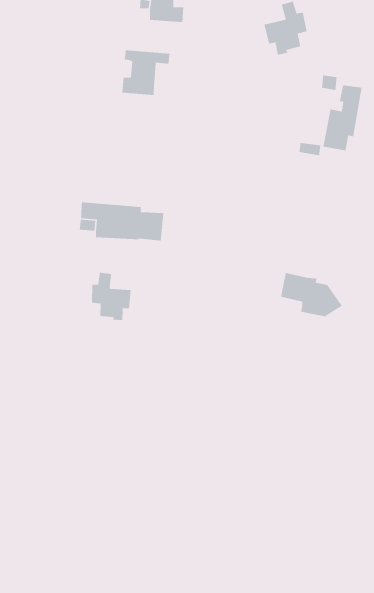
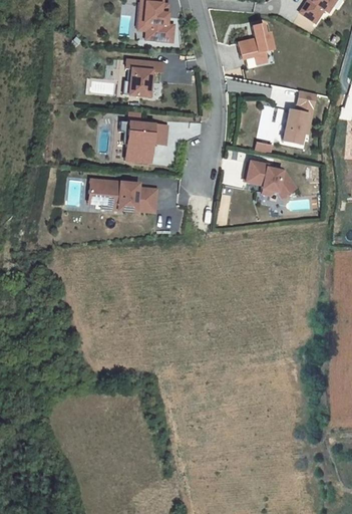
building: none -> [118,123,167,165]
building: [91,272,131,321] -> none
building: [280,272,343,317] -> [246,162,296,198]

